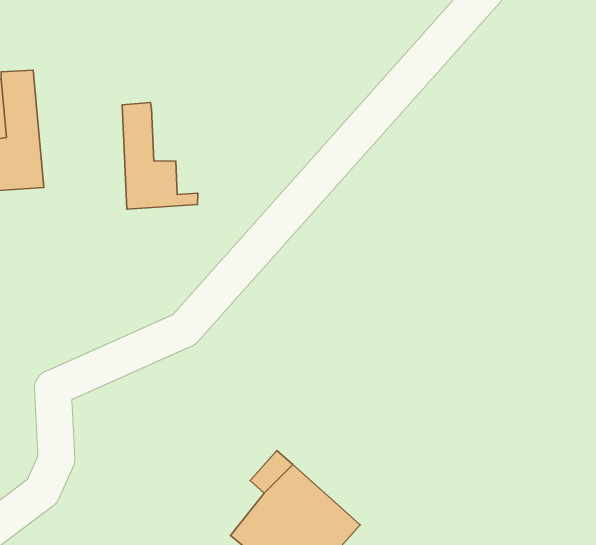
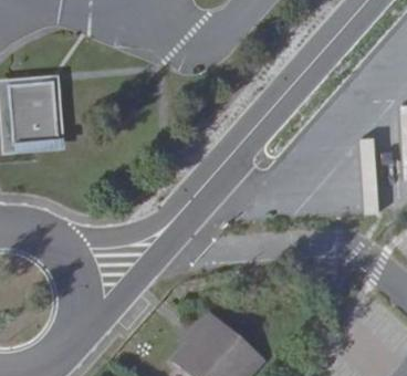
building: [122,103,198,209] -> none

